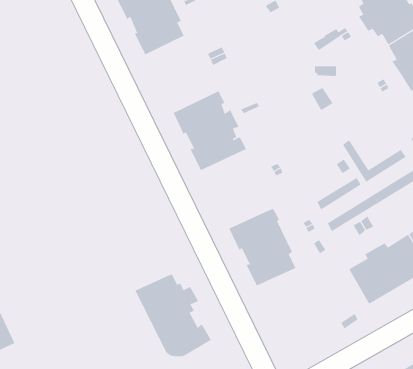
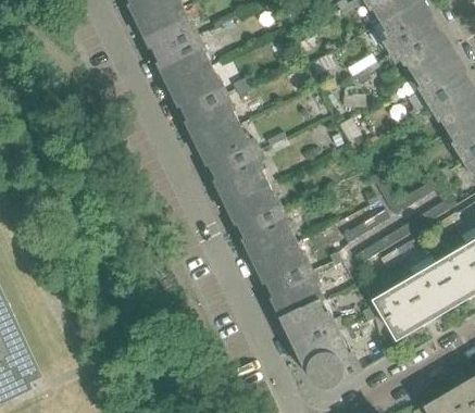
building: none -> [168,61,243,143]
building: none -> [225,179,293,261]
building: [135,273,212,357] -> [282,302,360,387]

